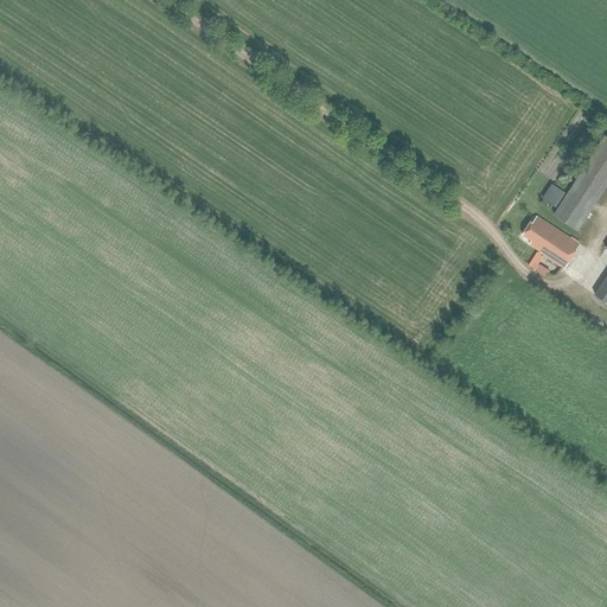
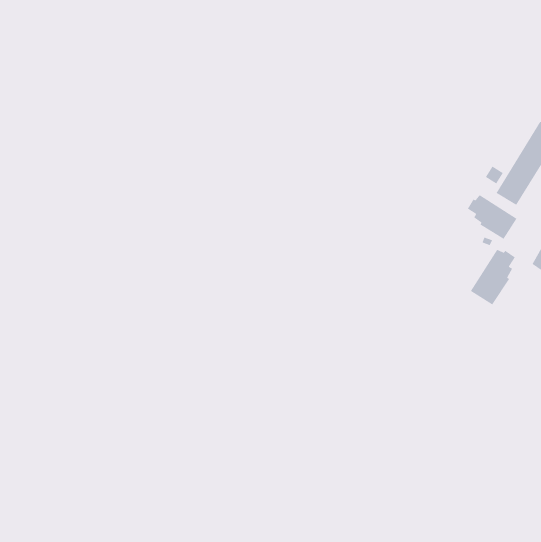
building: none -> [470,249,516,305]

